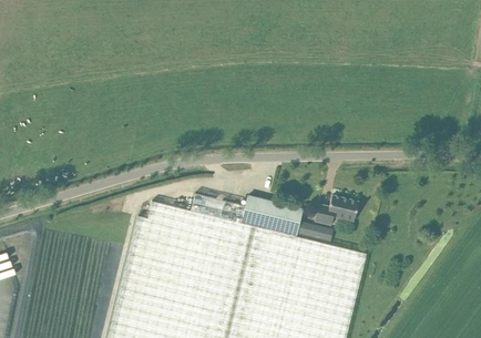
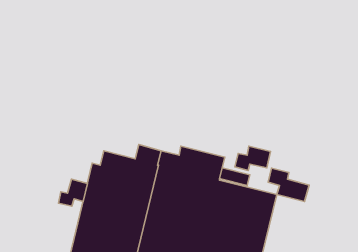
building: none -> [268,168,309,201]
building: none -> [58,179,87,206]

